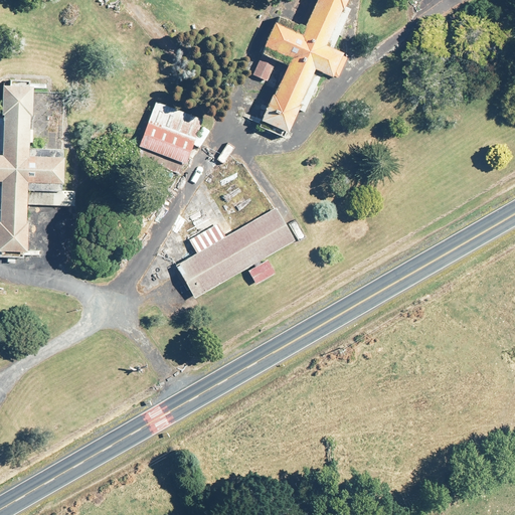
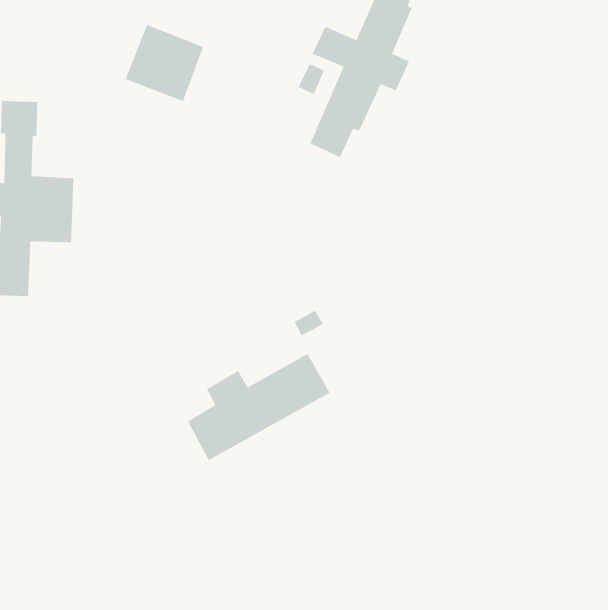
building: [137,98,203,163] -> [125,24,204,102]
building: [174,208,295,299] -> [187,353,330,461]

